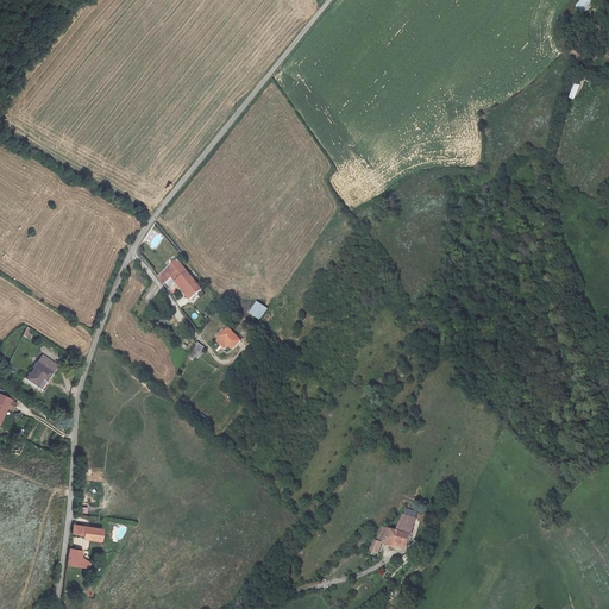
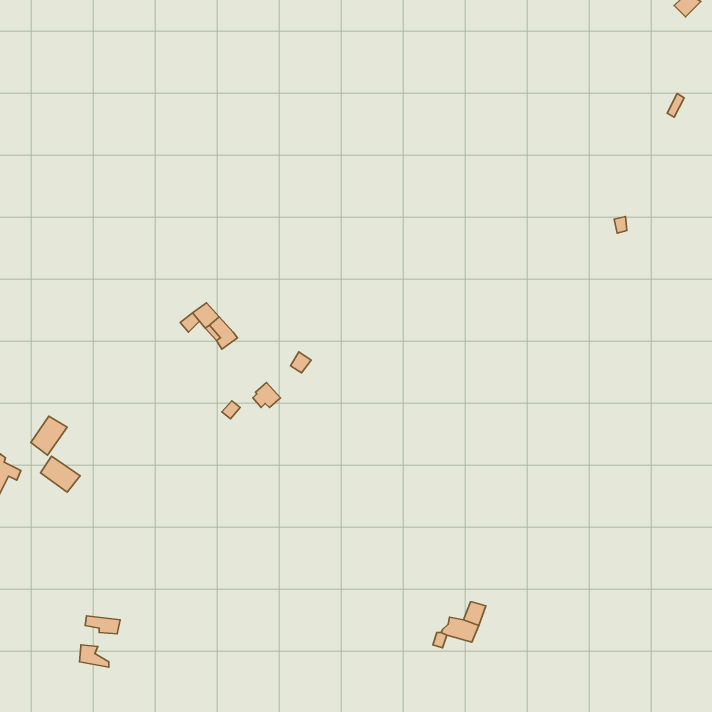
building: none -> [41,456,80,492]

